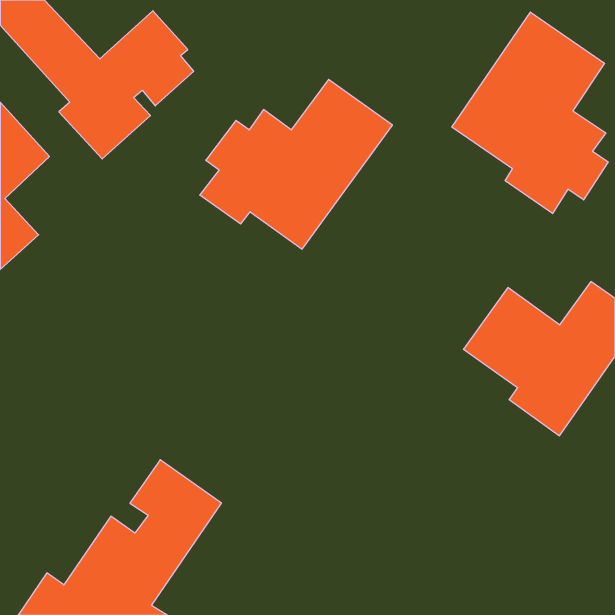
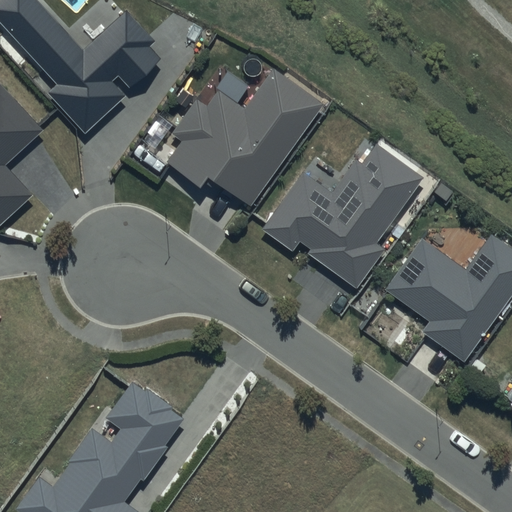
building: [452,12,608,214] -> none
building: none -> [263,145,423,288]

